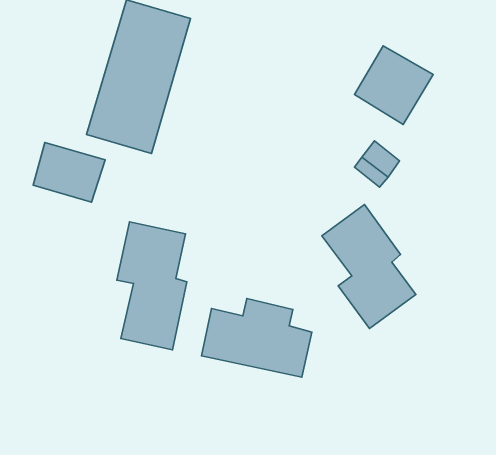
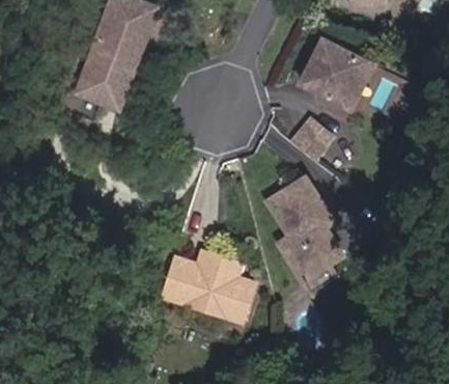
building: [33,142,105,202] -> none
building: [117,222,187,350] -> none

